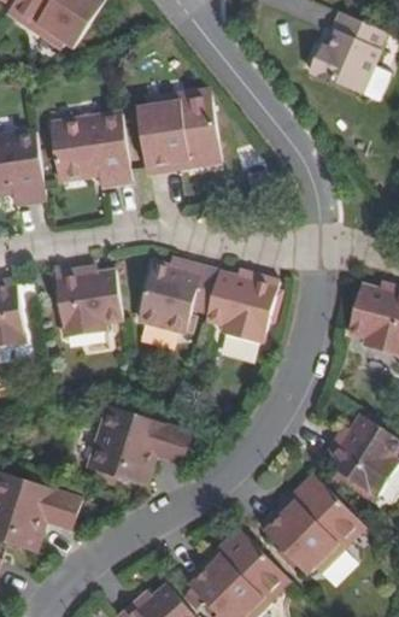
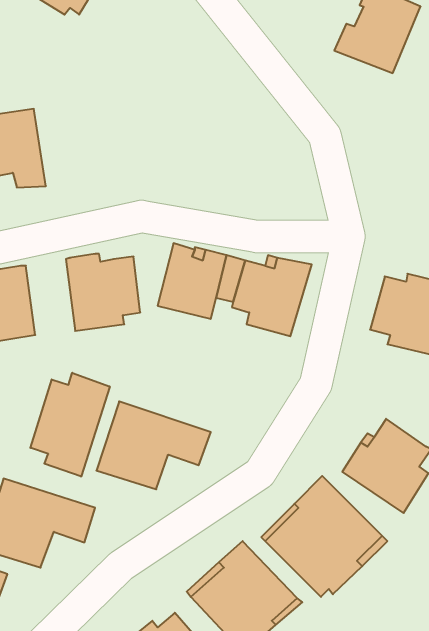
building: [131,99,218,175] -> none
building: [49,119,130,189] -> none
building: none -> [30,373,110,477]

